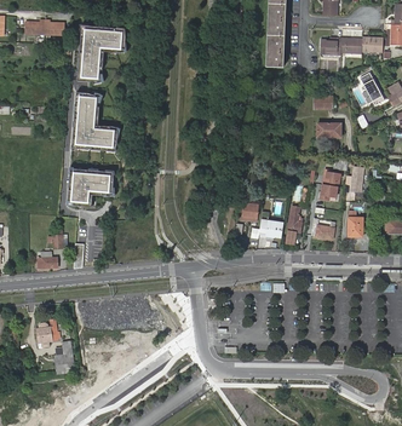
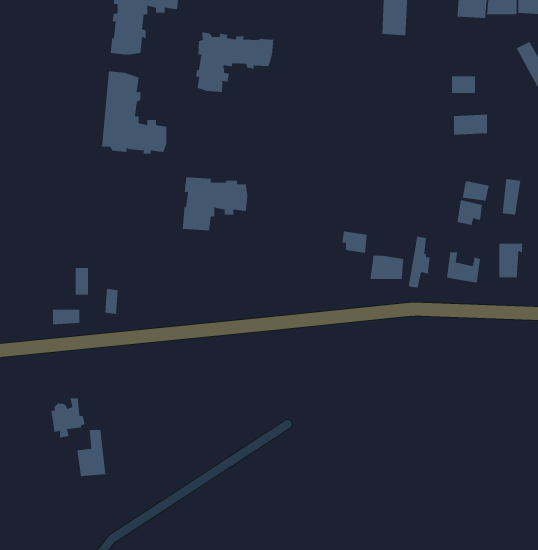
building: none -> [195,31,274,93]
building: [68,168,114,206] -> [182,177,248,231]

